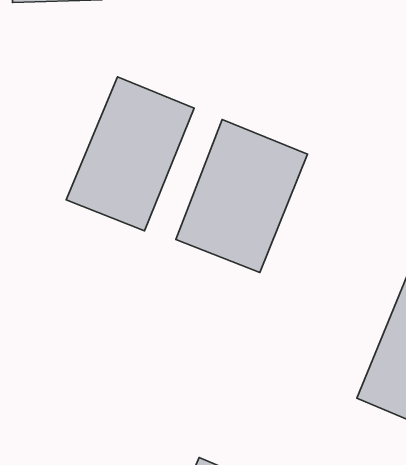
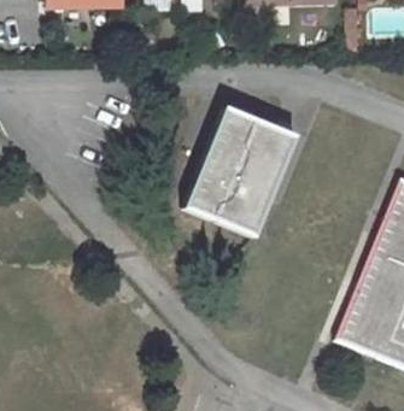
building: [66,77,194,231] -> none

